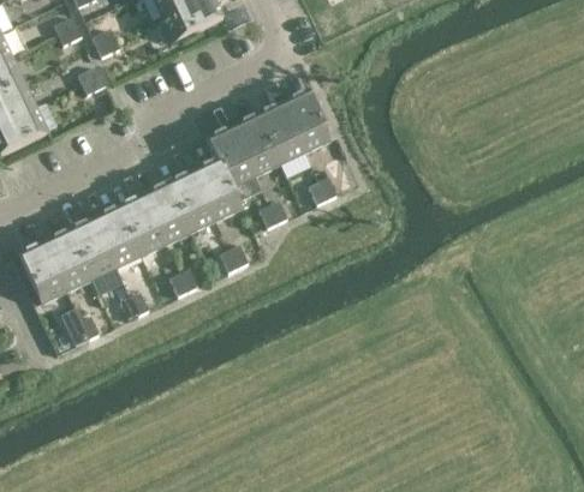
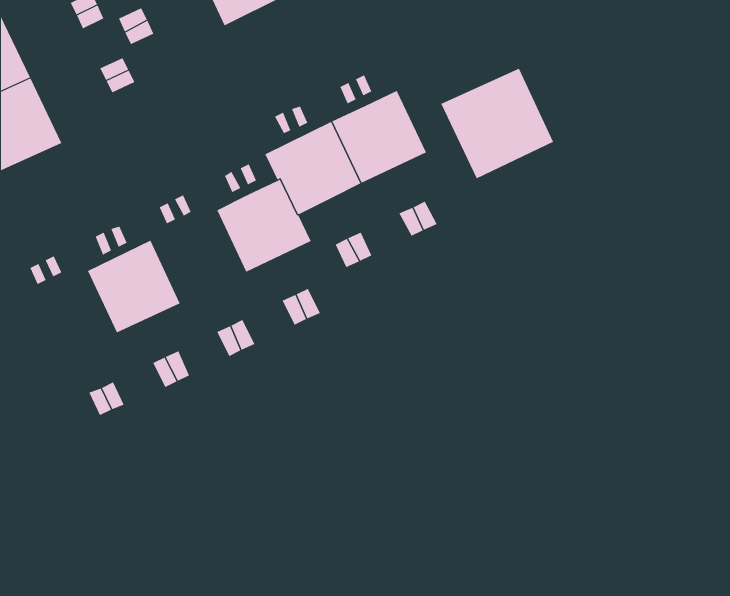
building: none -> [440,68,554,179]
building: [117,184,190,256] -> none
building: [17,230,90,302] -> none

